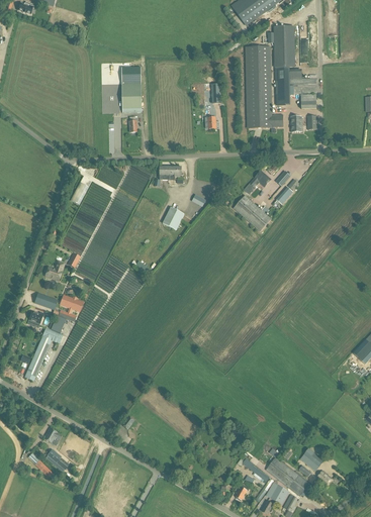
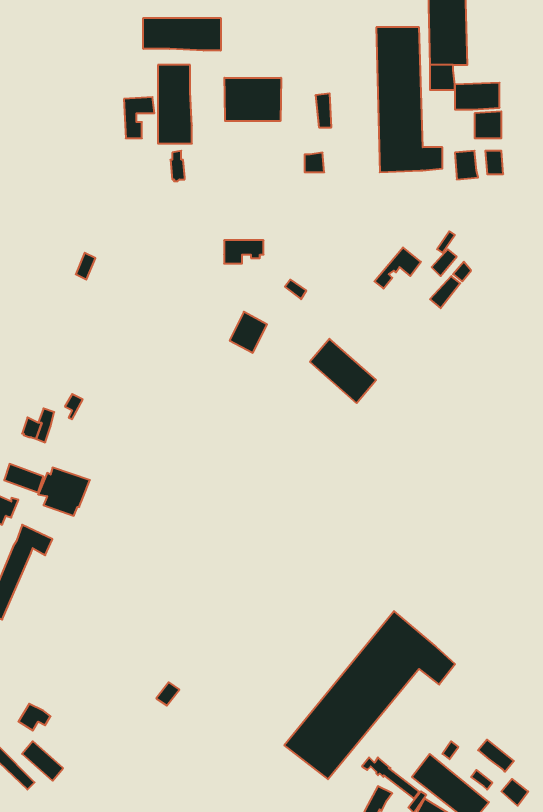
building: none -> [143,18,221,51]
building: none -> [224,78,281,121]
building: [233,196,270,232] -> [310,339,376,403]
building: none -> [284,611,455,779]

